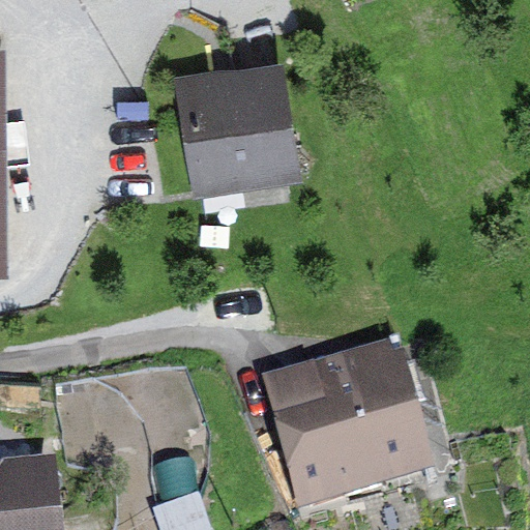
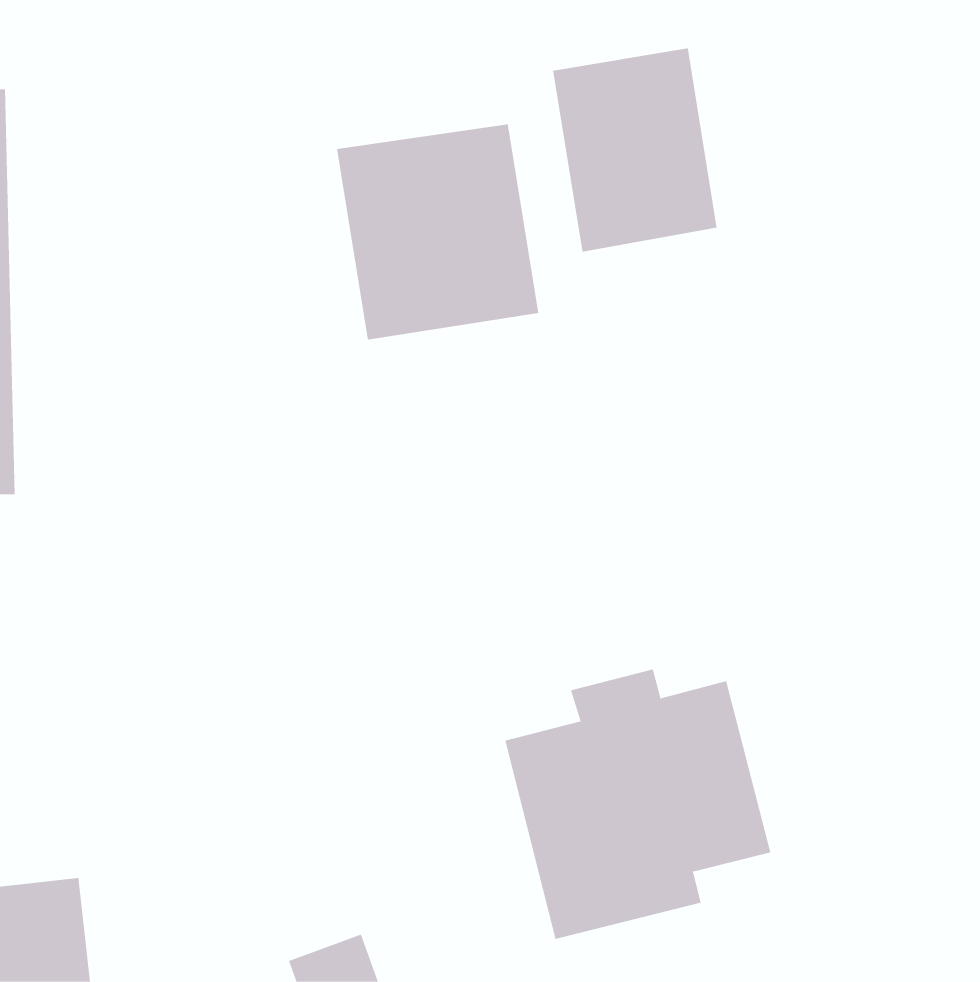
building: none -> [553,48,717,253]

